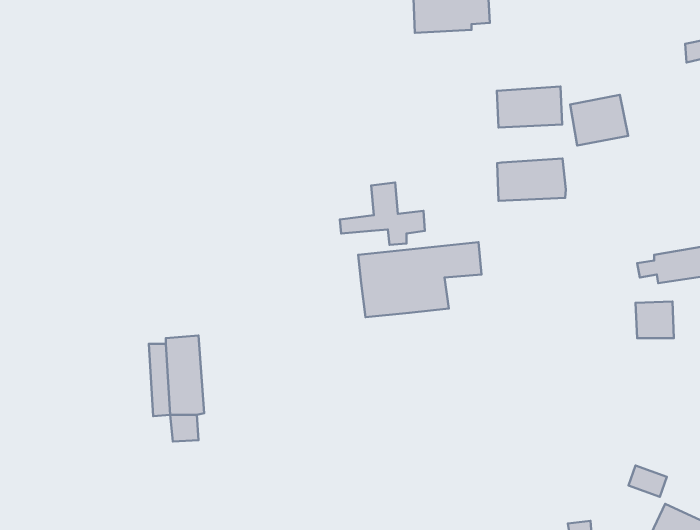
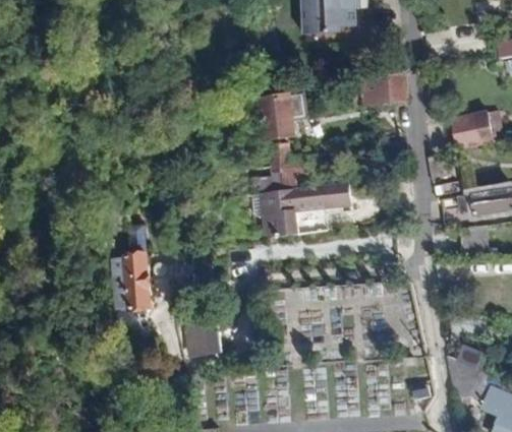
building: [570,95,628,146] -> [452,110,494,146]
building: none -> [260,92,304,137]
building: [497,159,566,201] -> none
building: none -> [184,323,219,360]

